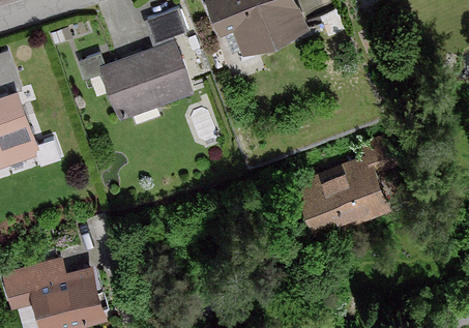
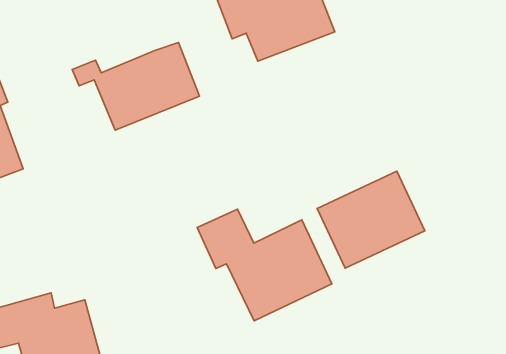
building: [143,8,188,47] -> none
building: none -> [197,209,332,321]

